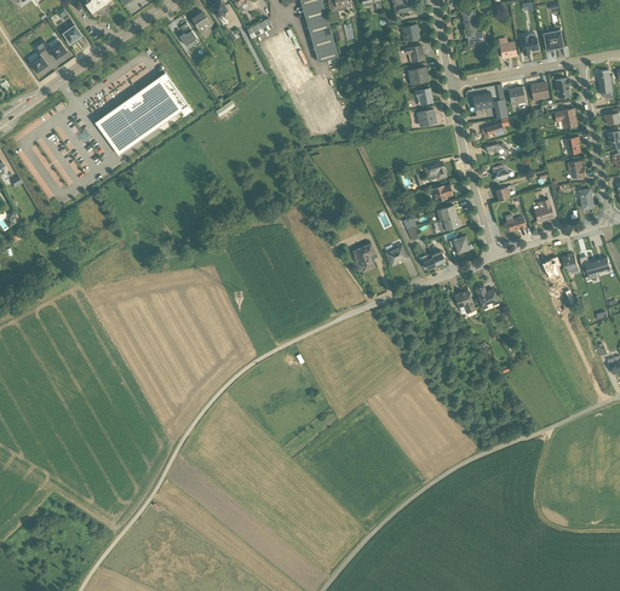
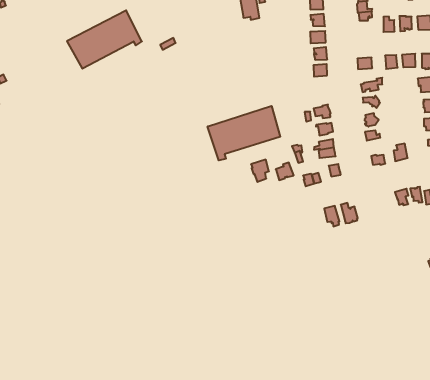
building: none -> [208,106,280,160]

